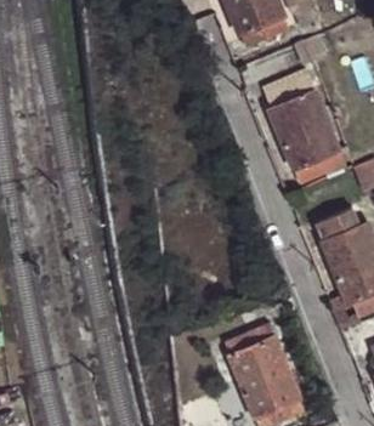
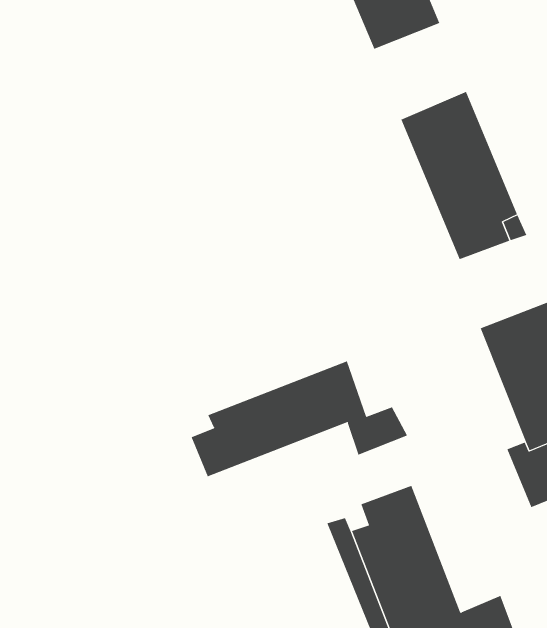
building: none -> [191,361,408,477]

